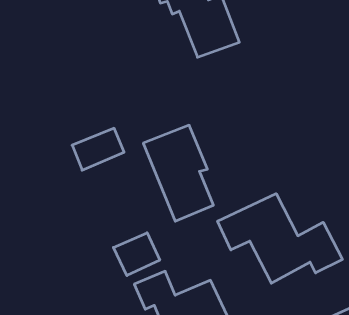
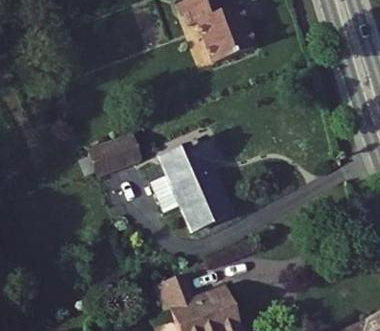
building: [218,194,342,283] -> none
building: [113,233,160,276] -> none

